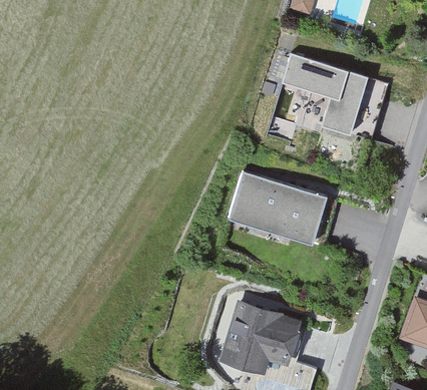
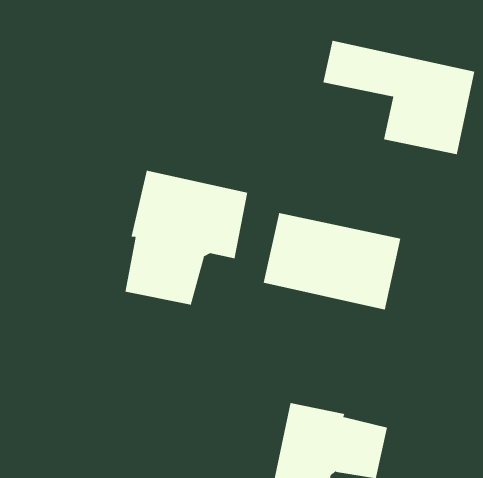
building: none -> [125,170,248,306]

